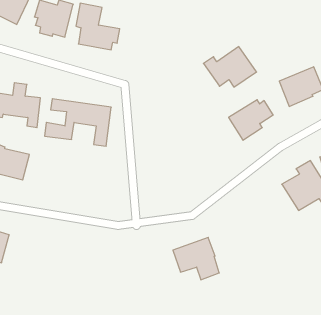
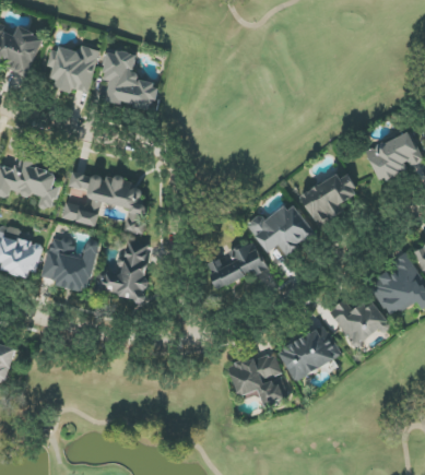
building: [203,47,257,87] -> [246,202,315,254]
building: none -> [40,239,97,290]
building: none -> [94,240,152,300]
building: none -> [203,242,264,290]
building: none -> [329,299,390,347]
building: none -> [278,325,341,381]

